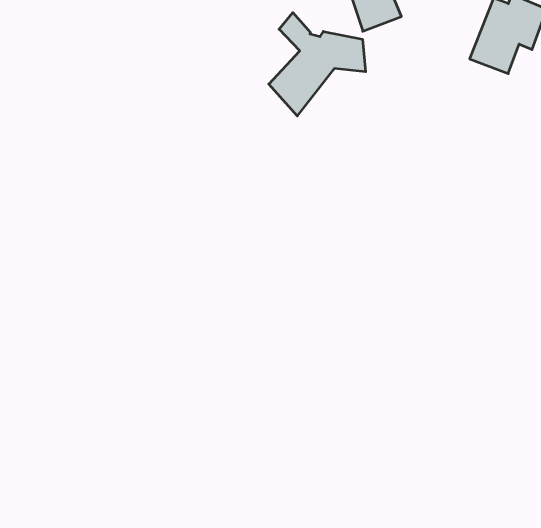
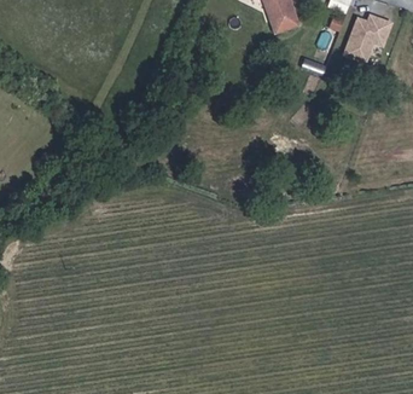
building: [269,13,366,116] -> none

